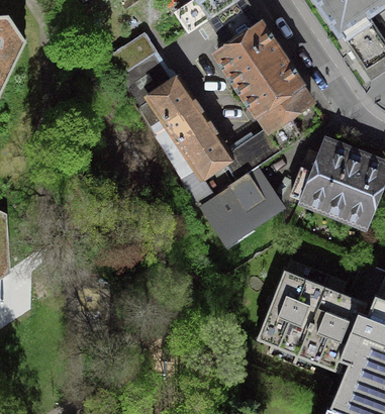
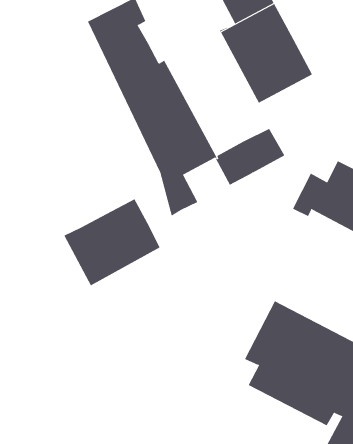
building: [256,83,311,151] -> none
building: [201,169,282,244] -> [63,198,161,286]

